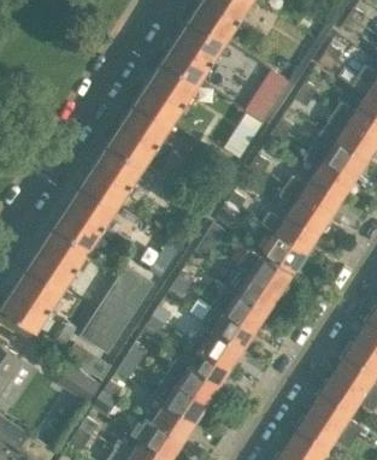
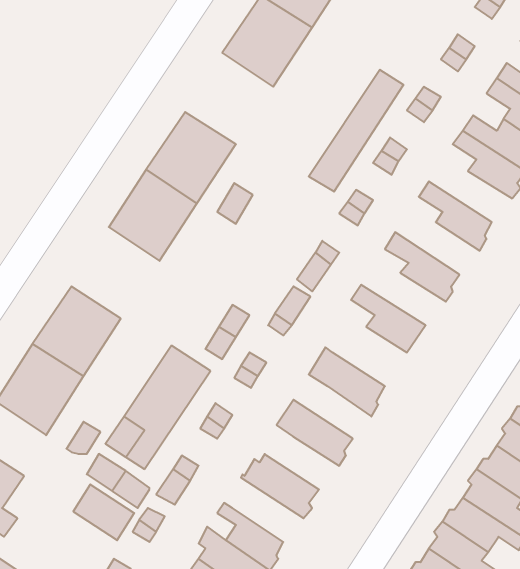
building: [136,58,199,123] -> none
building: [310,138,369,178] -> none
building: [285,176,346,216] -> none
building: [55,182,118,247] -> none
building: [261,212,322,252] -> none
building: [236,248,291,295] -> none
building: [213,287,269,332] -> none
building: [193,331,246,368] -> none
building: [164,360,220,406] -> none

